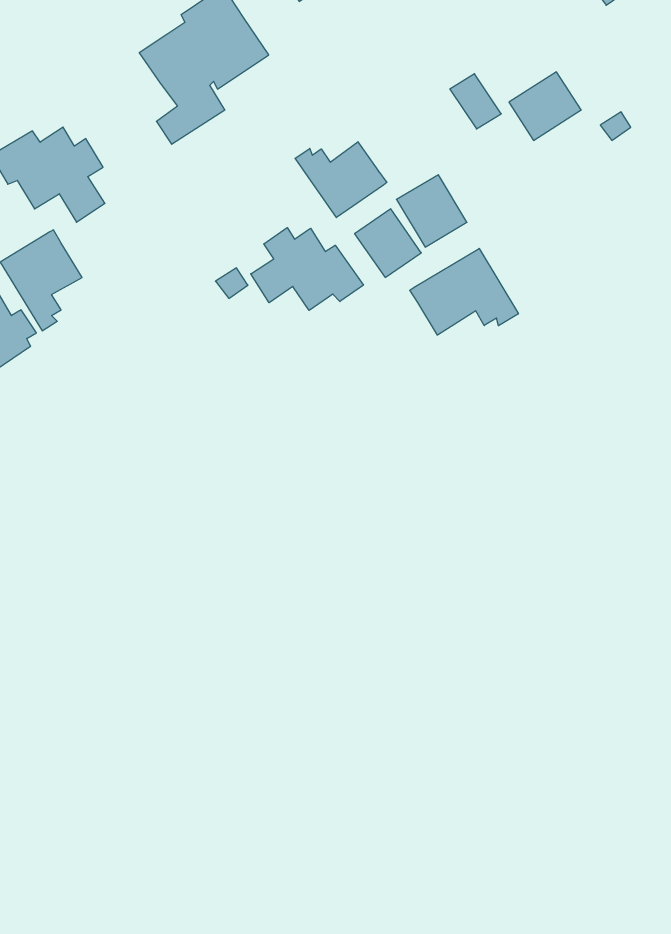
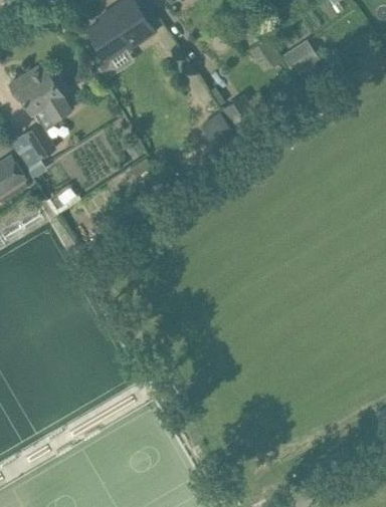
building: [295,142,387,218] -> none
building: [251,228,363,310] -> none
building: [410,248,518,335] -> none

